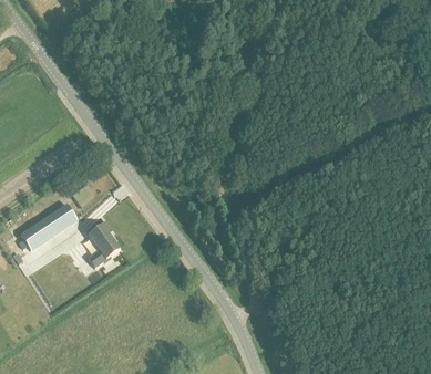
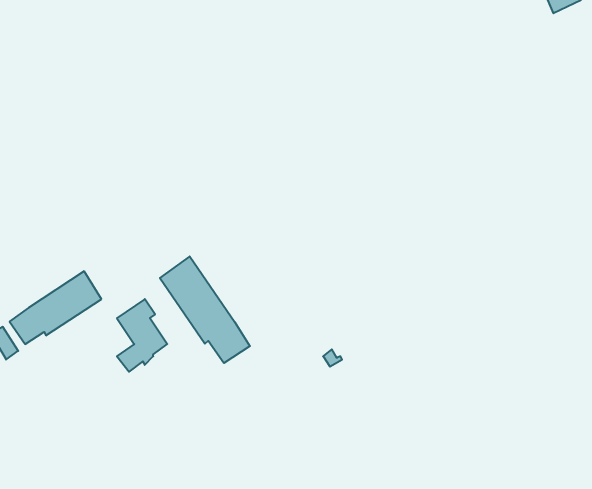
building: none -> [160,256,250,363]

